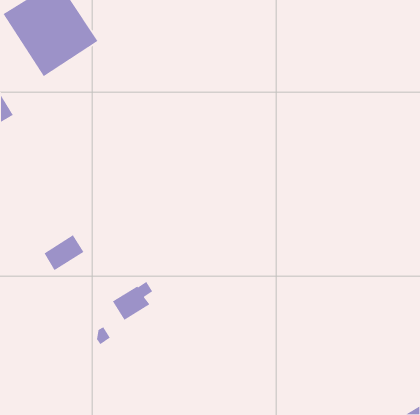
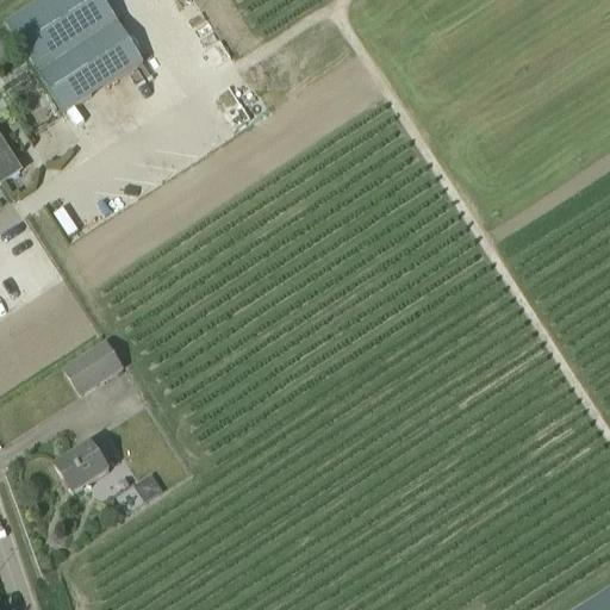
building: [112,281,153,321] -> [54,434,113,492]

